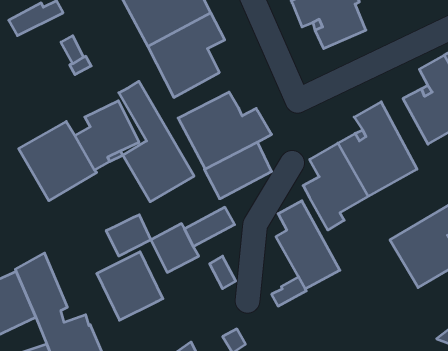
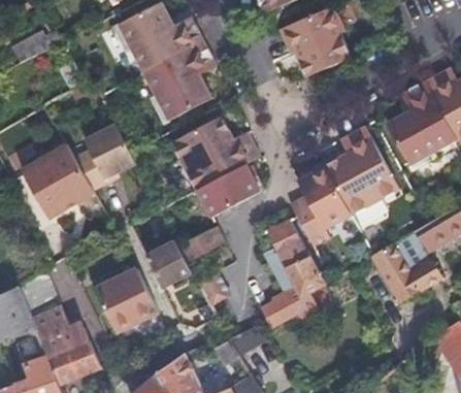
building: [119,81,194,202] -> none
building: [106,215,151,256] -> none

